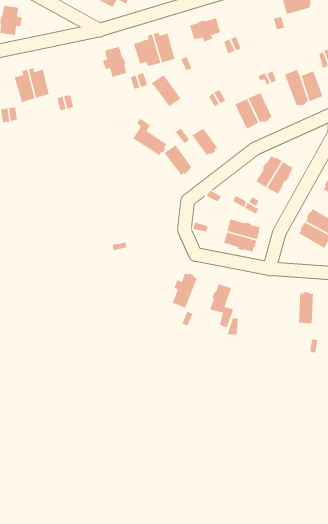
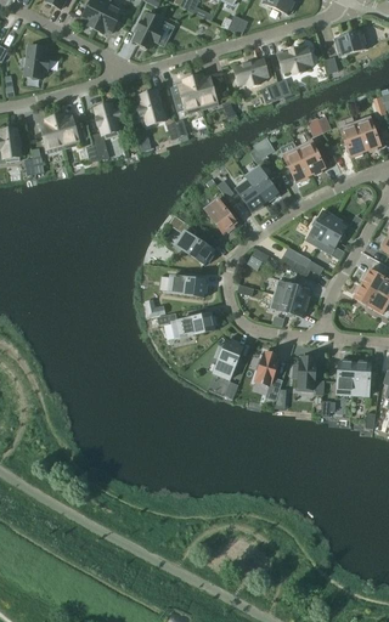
building: none -> [277,46,312,74]
building: none -> [94,102,122,138]
building: [151,74,181,107] -> [244,166,278,203]
building: [132,118,167,156] -> [175,221,214,264]
building: none -> [168,276,207,296]
building: none -> [171,312,215,338]
building: none -> [293,356,315,391]
building: none -> [336,360,354,395]

